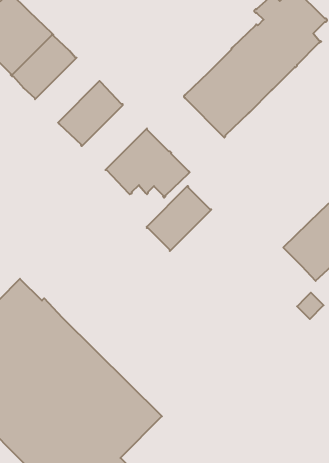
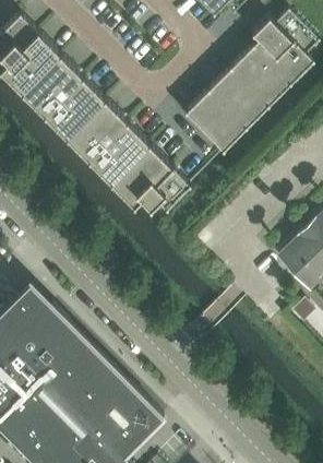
building: none -> [43,78,104,139]
building: [147,186,211,251] -> [87,122,148,183]

